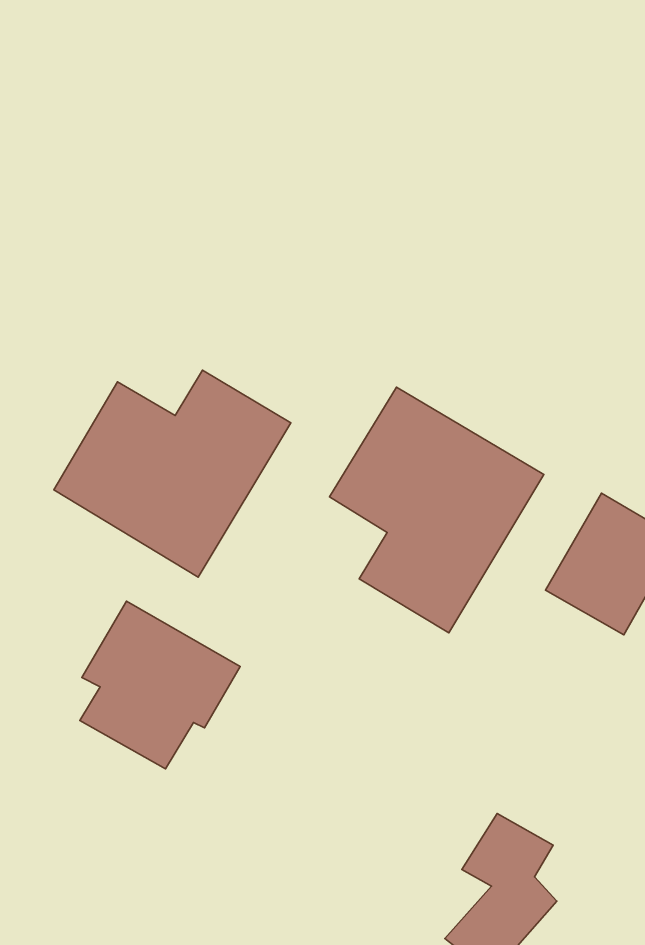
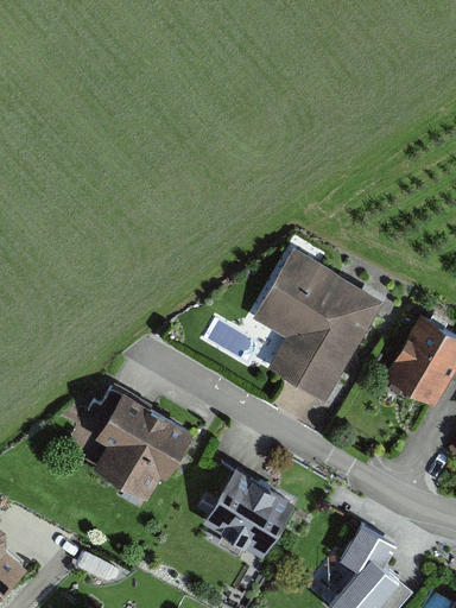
building: [54,370,291,577] -> none
building: none -> [192,471,292,560]

